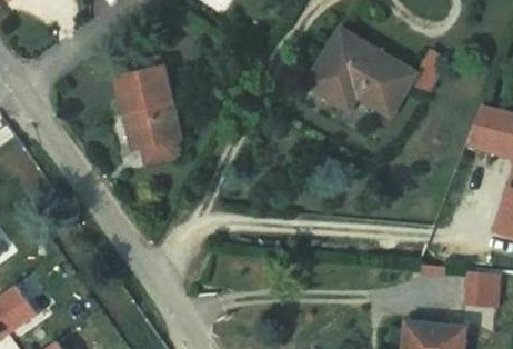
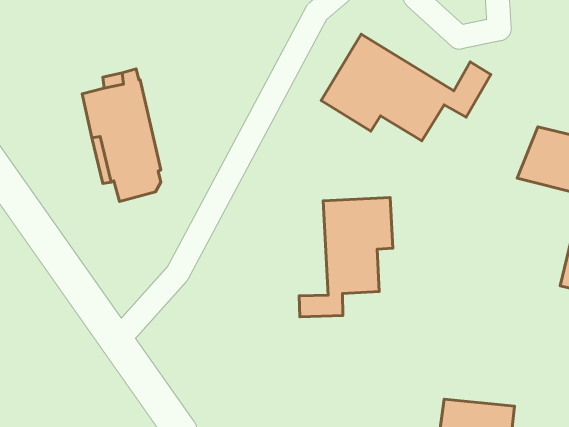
building: none -> [299,197,393,317]
building: [460,271,496,308] -> none

